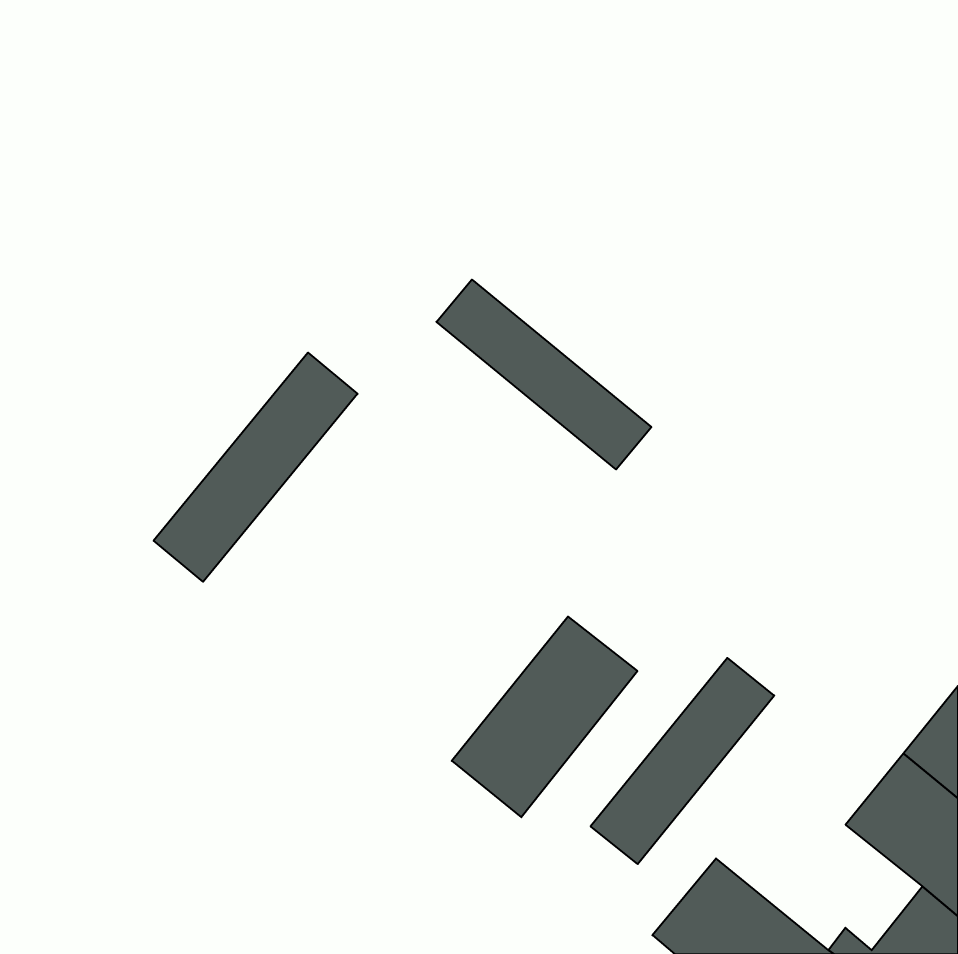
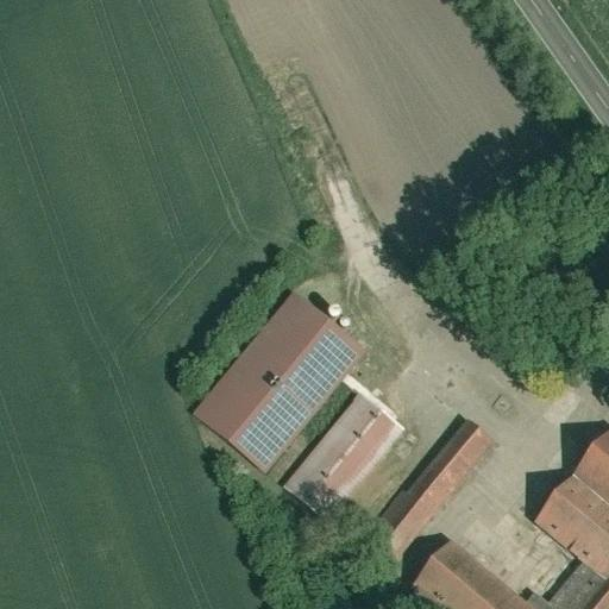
building: [436,280,651,469] -> none
building: [154,353,358,582] -> none
building: none -> [194,291,365,471]

